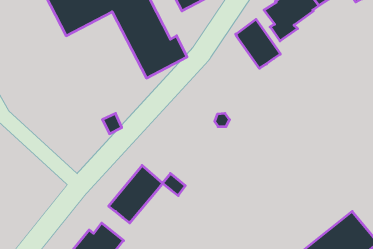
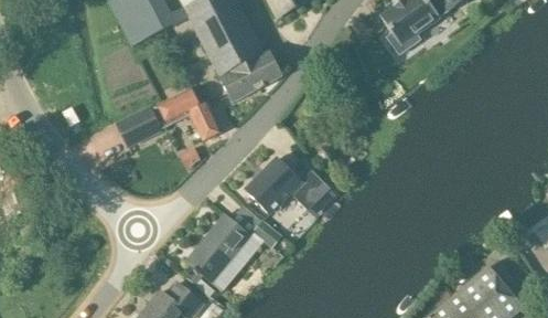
building: [236,19,280,68] -> none
building: none -> [118,87,223,145]
building: none -> [245,156,330,214]

